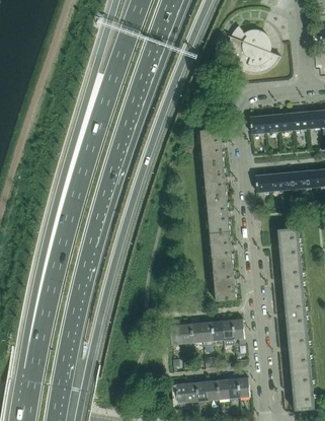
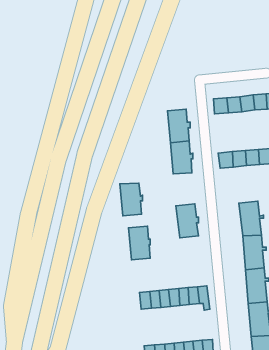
building: [229,25,281,72] -> none
building: [207,197,231,232] -> [120,183,143,216]
building: [214,265,237,301] -> [129,226,150,260]

